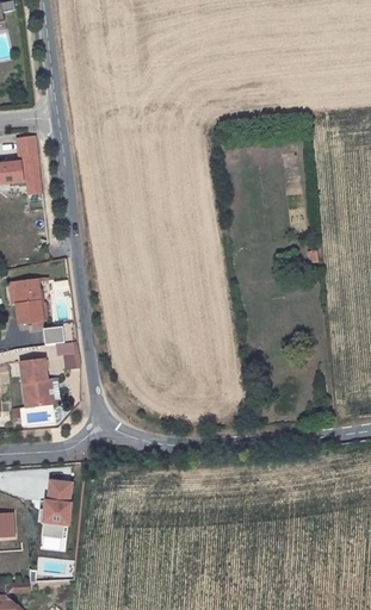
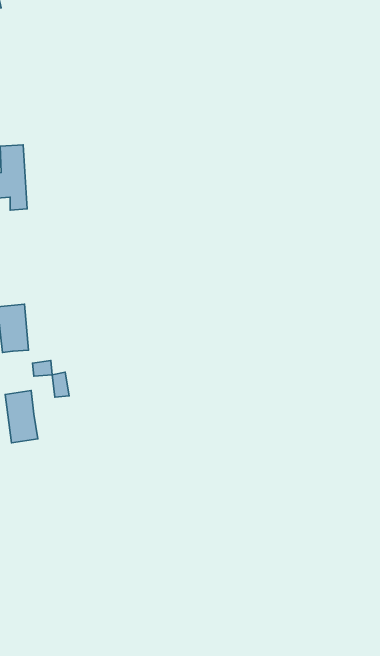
building: [37,478,69,535] -> none

